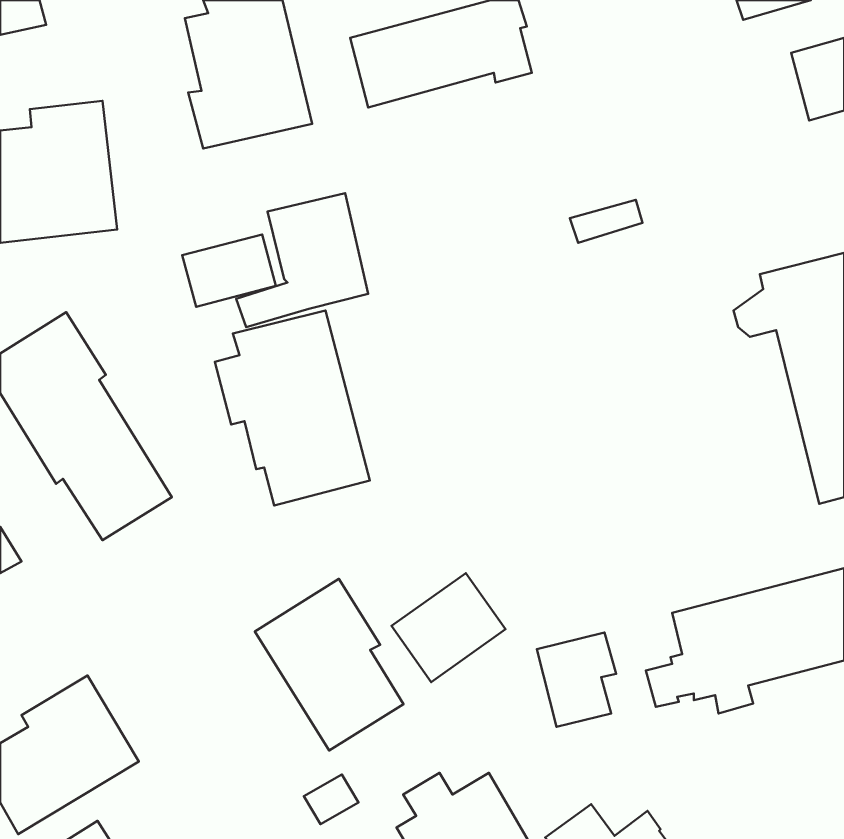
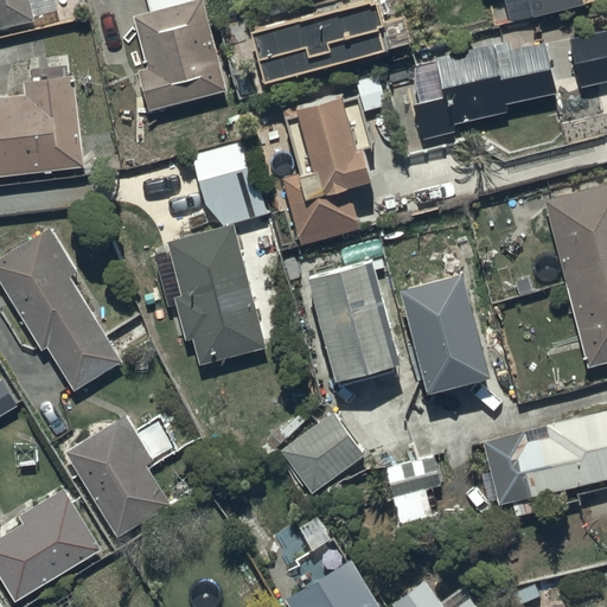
building: none -> [413,43,555,140]
building: none -> [281,96,368,244]
building: [182,234,276,307] -> none
building: none -> [307,260,400,378]
building: none -> [397,271,490,391]
building: [255,579,403,751] -> [63,414,170,537]

